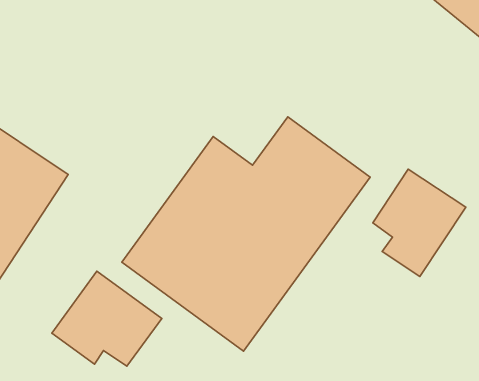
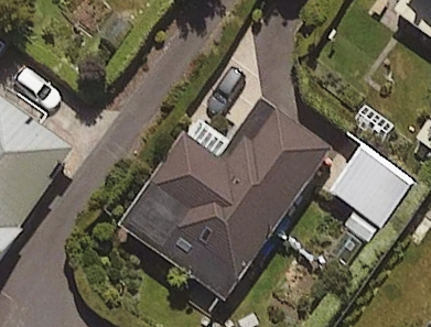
building: [52,271,162,366] -> none

